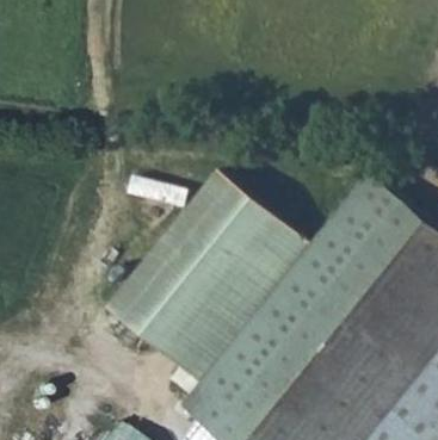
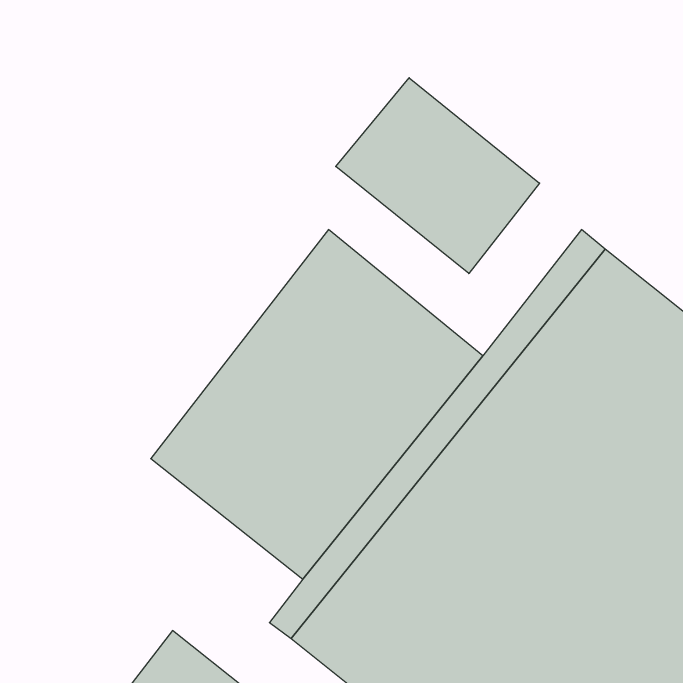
building: none -> [336,78,540,274]

